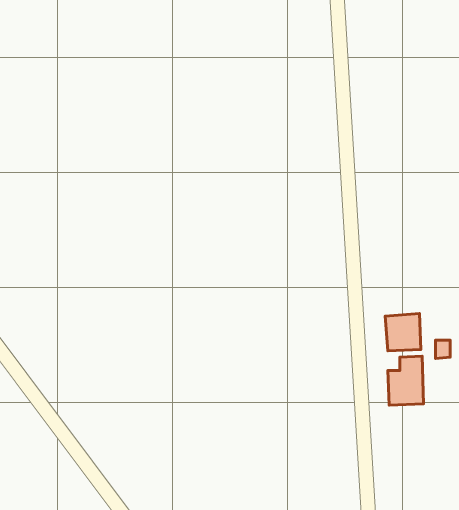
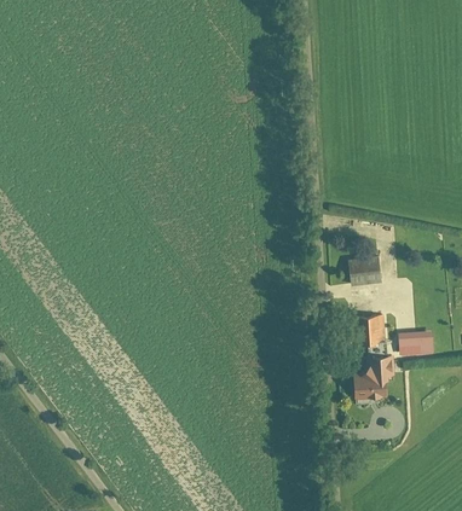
building: none -> [350,255,381,278]

